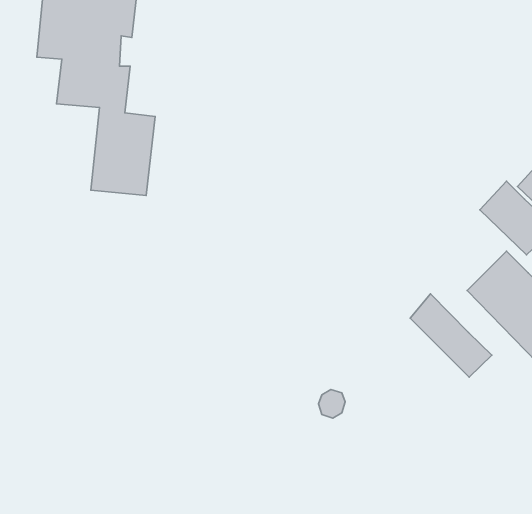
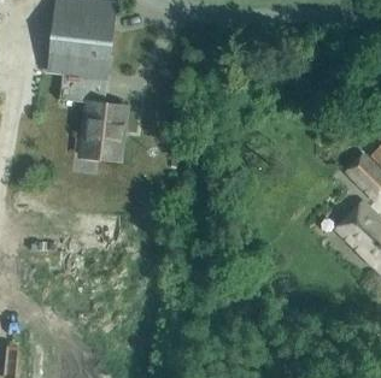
building: [410,294,492,377] -> none

